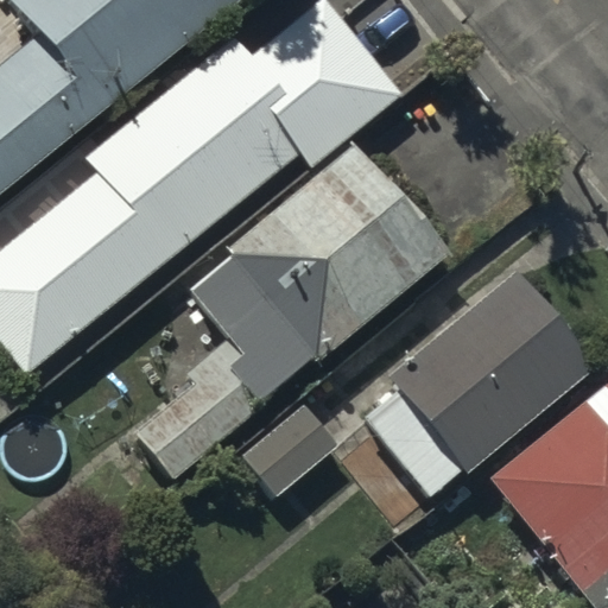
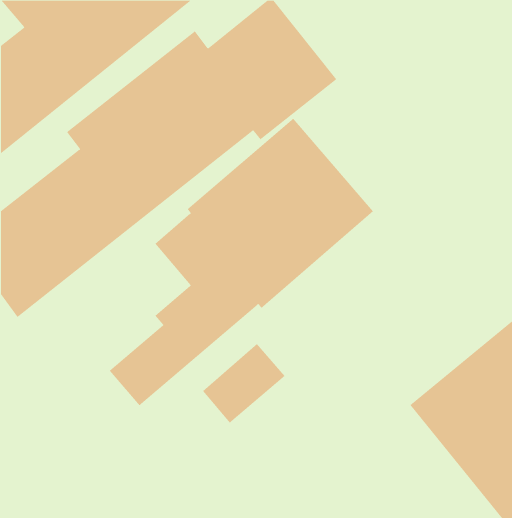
building: [367,270,593,495] -> none

